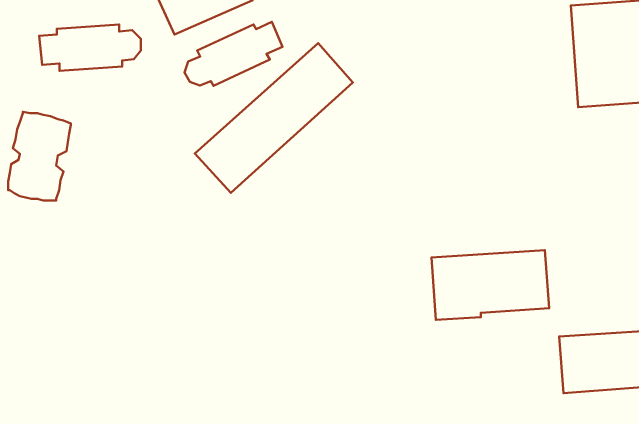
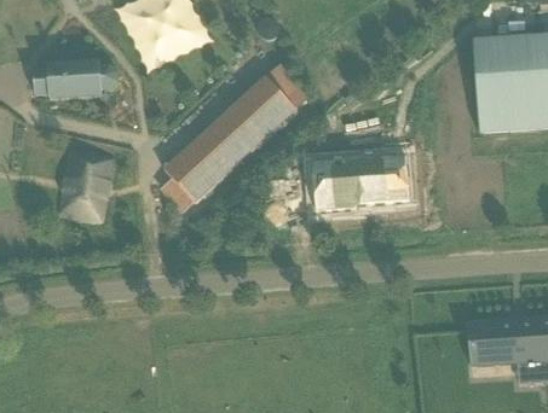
building: [184,22,282,86] -> none
building: [8,112,71,200] -> [60,146,113,220]
building: [431,250,549,320] -> [299,152,397,210]

